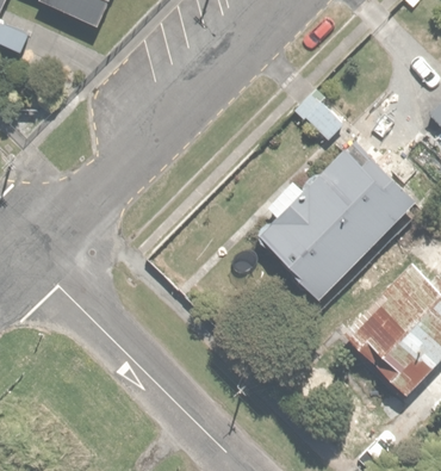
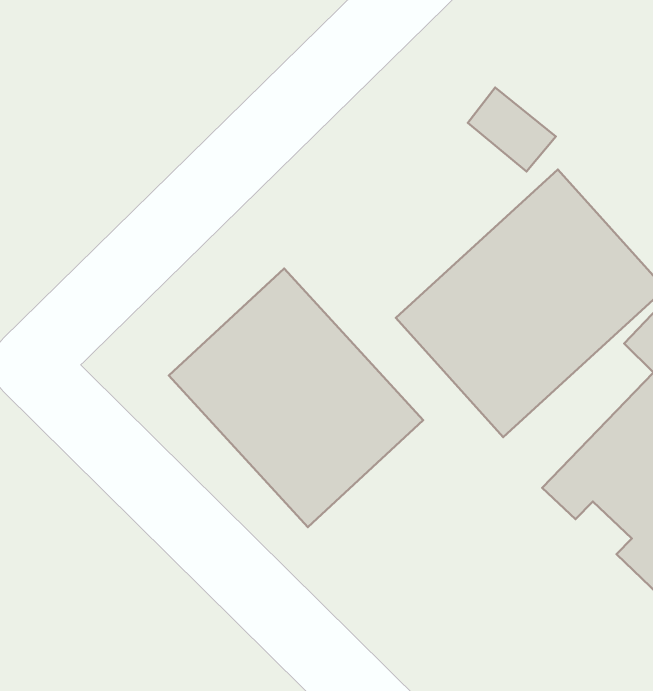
building: none -> [169,269,423,527]

